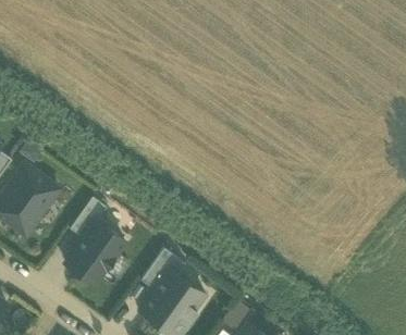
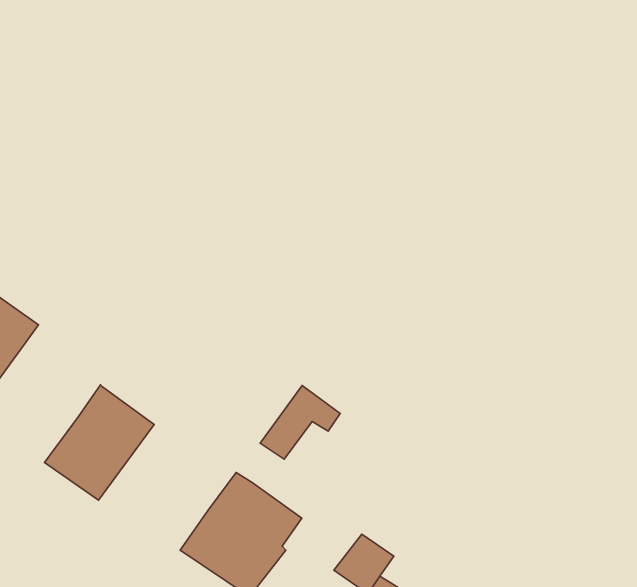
building: [71,198,108,239] -> none
building: [142,250,185,290] -> [260,385,340,459]

